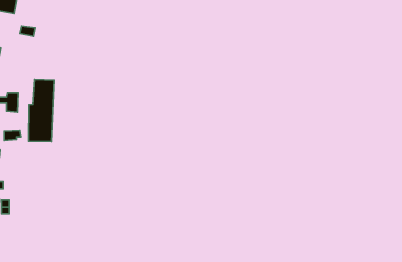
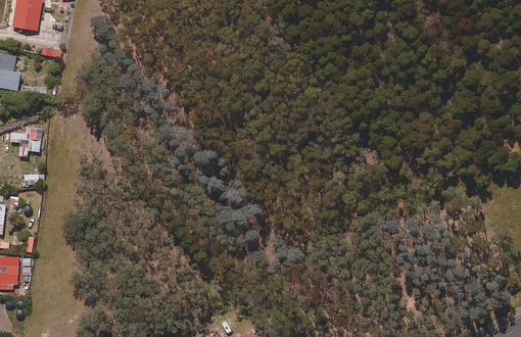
building: [29,79,54,141] -> none

